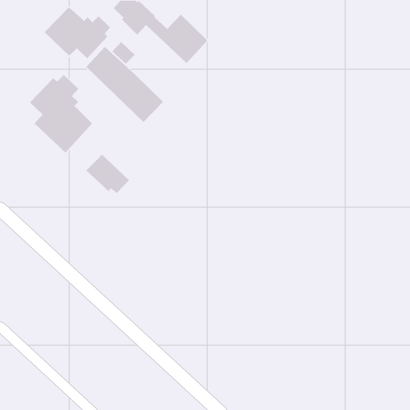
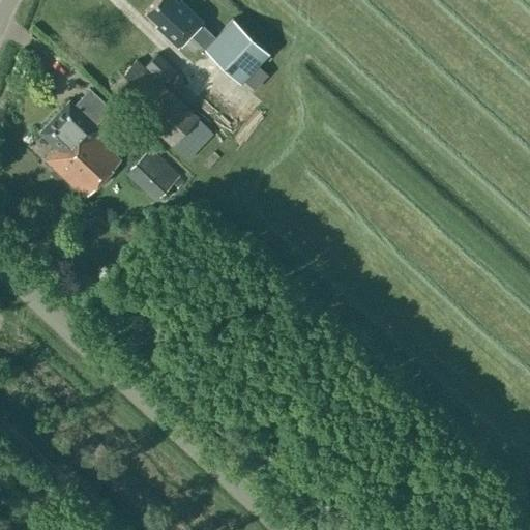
building: [44,7,111,59] -> none
building: [85,154,130,194] -> [131,149,188,201]

